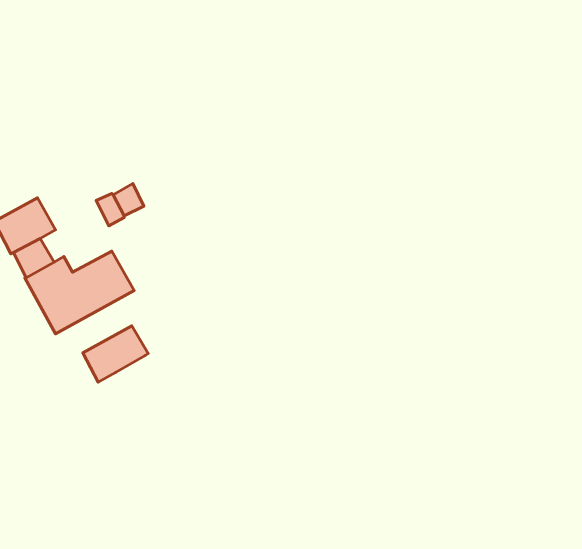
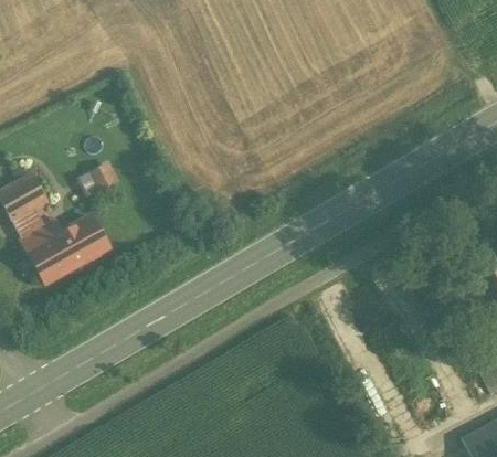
building: [83,326,148,382] -> none

